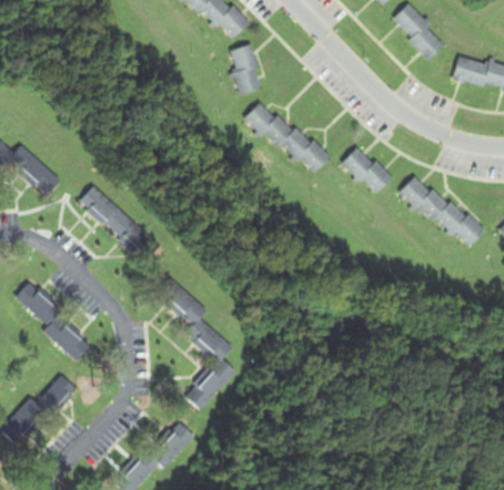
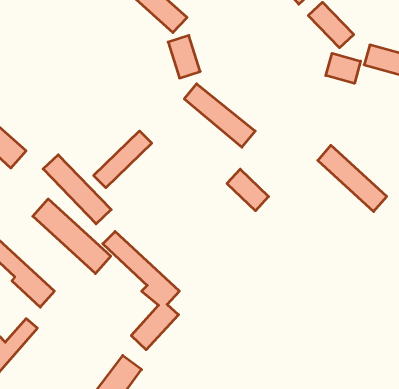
building: none -> [326,53,361,83]
building: [341,145,390,194] -> [227,169,269,211]
building: none -> [94,131,152,188]
building: none -> [33,199,111,274]

